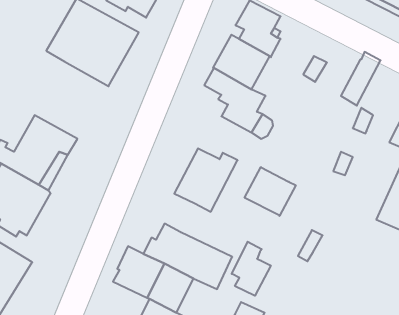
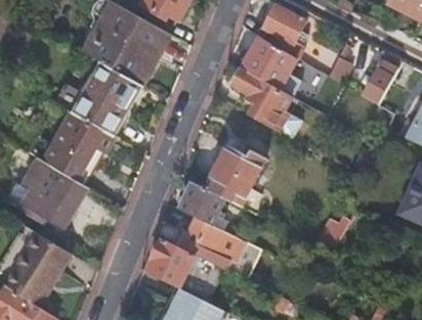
building: none -> [71,62,141,136]
building: [245,167,296,216] -> none
building: none -> [178,182,223,225]
building: [232,242,271,296] -> none

